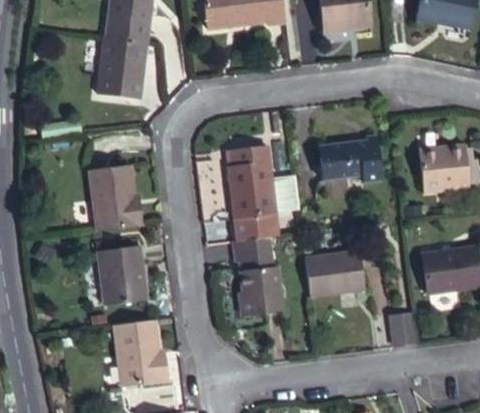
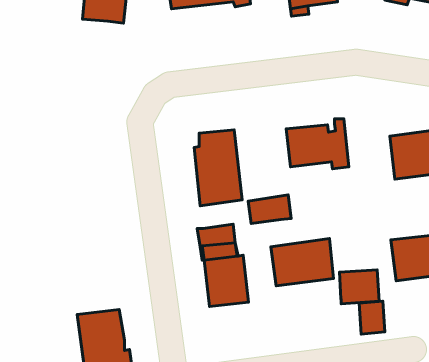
building: [97,36,144,98] -> none
building: [89,165,143,232] -> none
building: [234,214,276,242] -> [248,195,291,224]
building: [96,246,147,305] -> none
building: none -> [340,270,379,304]

